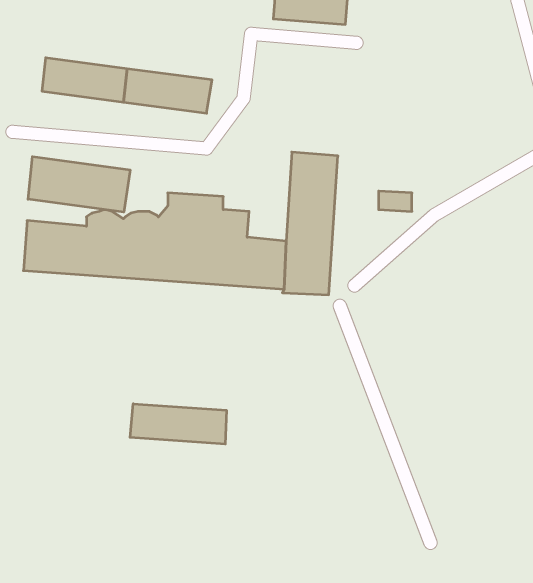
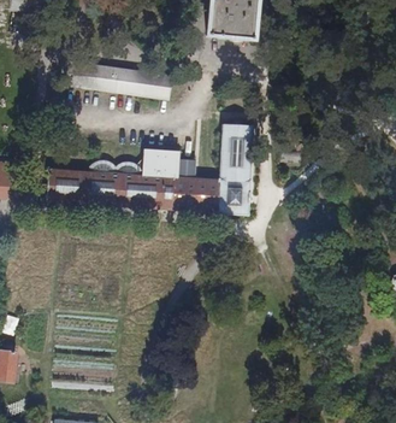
building: [28,157,130,212] -> none
building: [130,404,226,444] -> none

